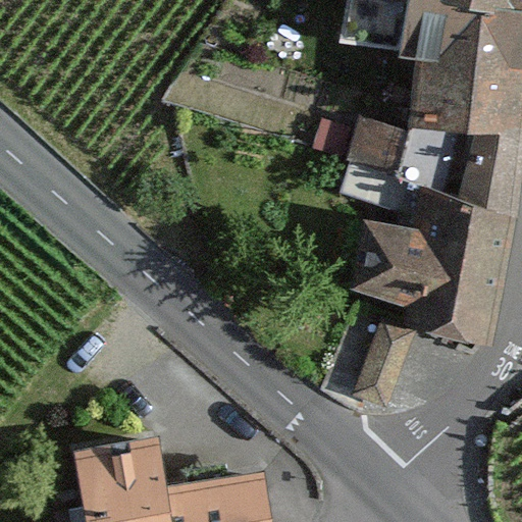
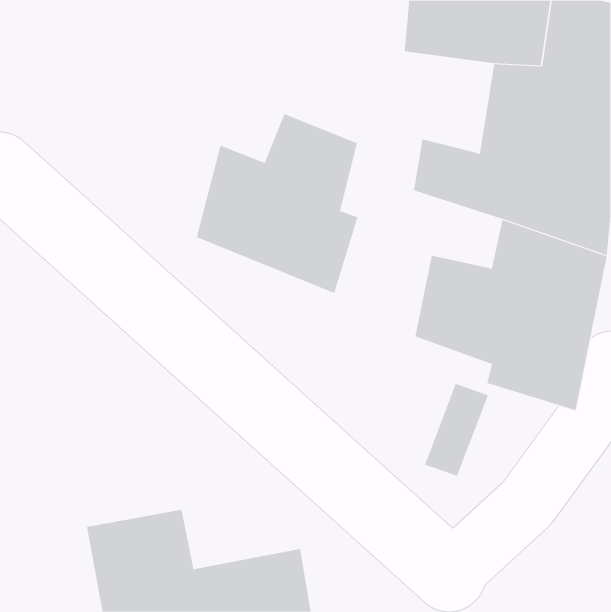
building: none -> [196,113,358,294]

